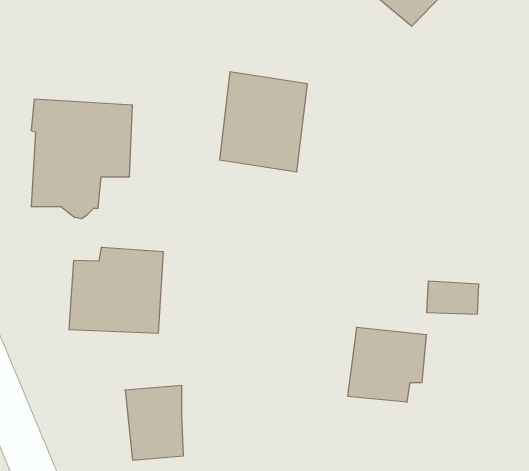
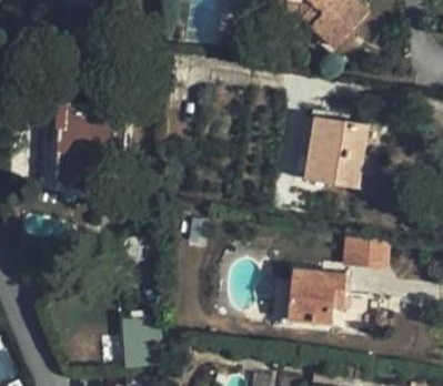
building: [219,72,307,172] -> [302,114,368,189]
building: [69,247,163,333] -> none

